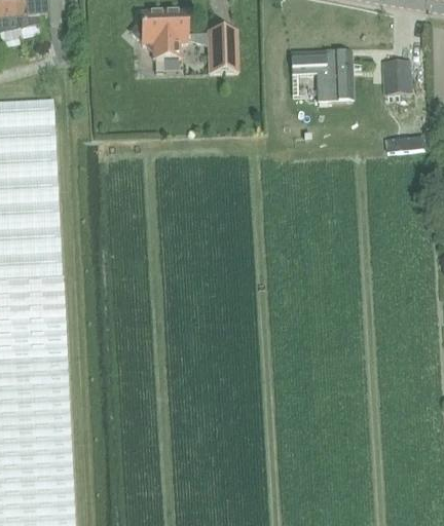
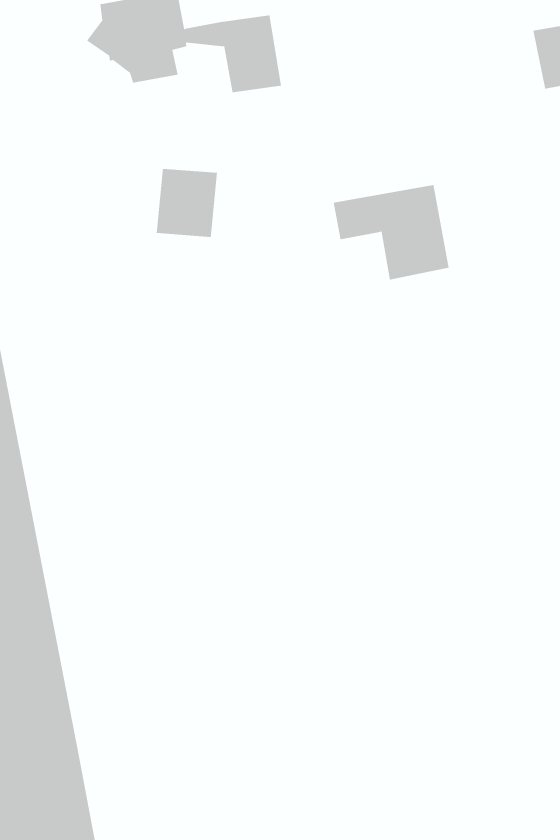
building: [291,50,351,101] -> [333,185,449,280]
building: none -> [156,168,218,238]

